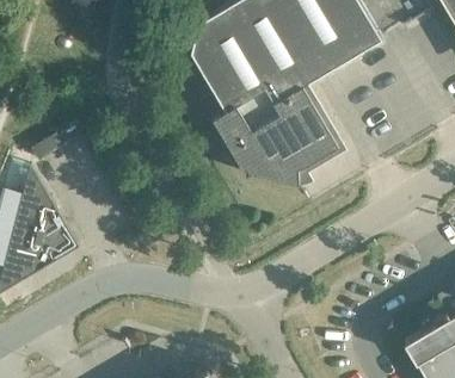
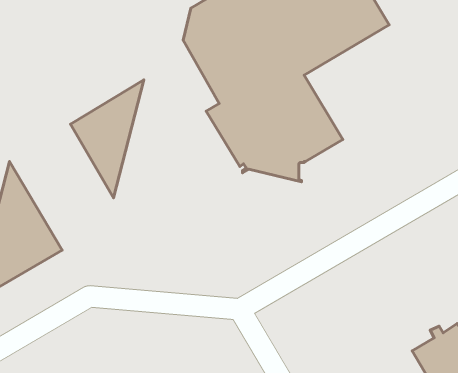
building: none -> [70,80,144,198]

